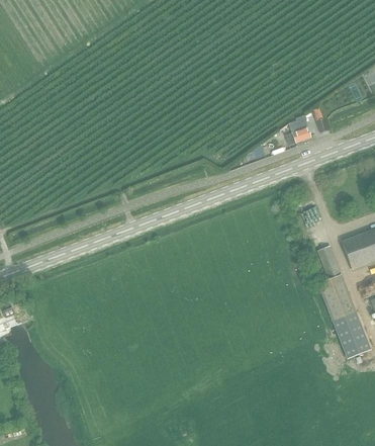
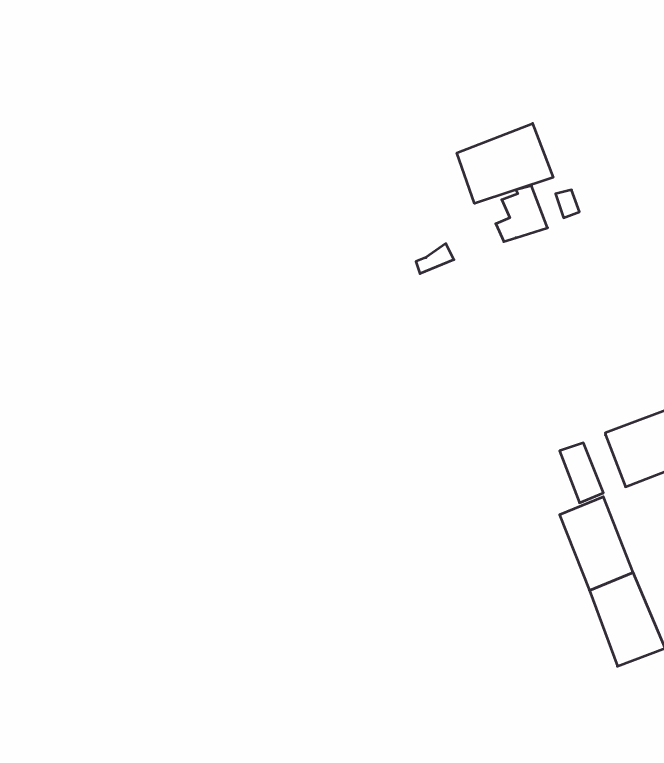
building: none -> [457,123,553,203]

